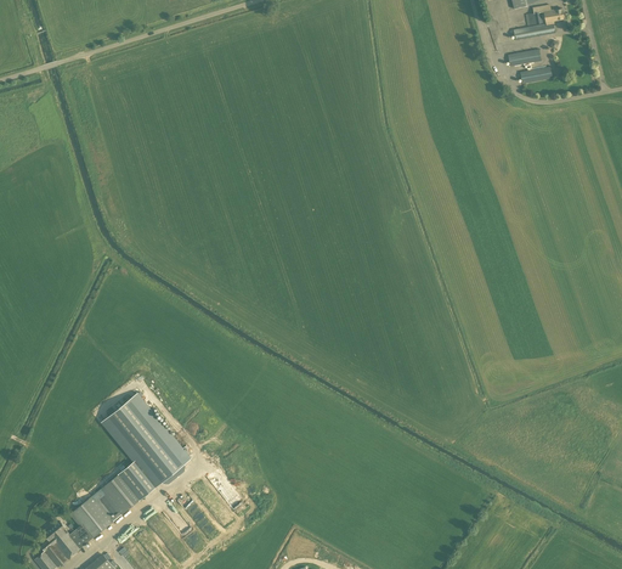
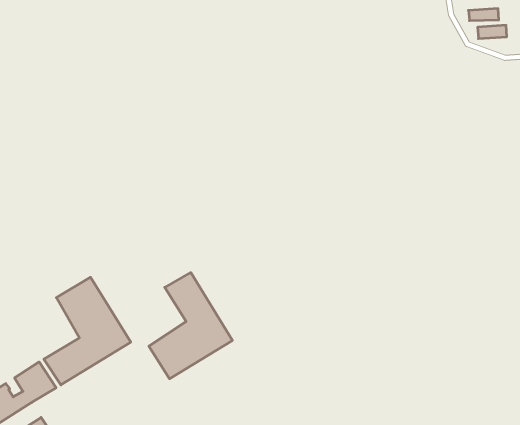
building: none -> [149,273,232,379]

